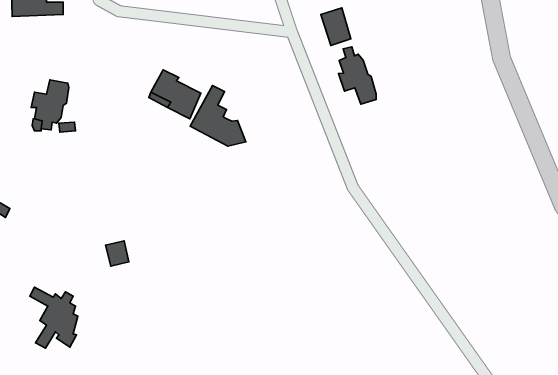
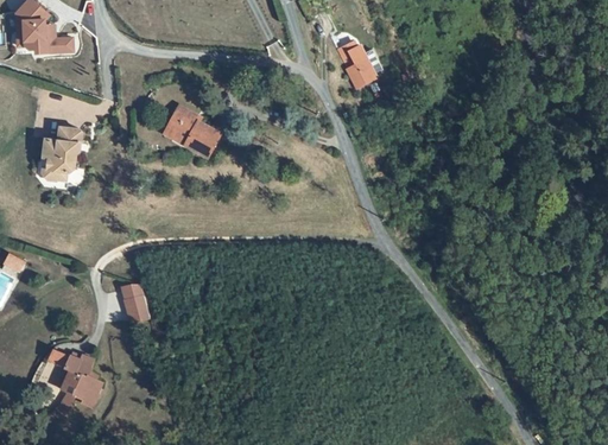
building: [338,47,376,104] -> none
building: [190,86,246,146] -> none

